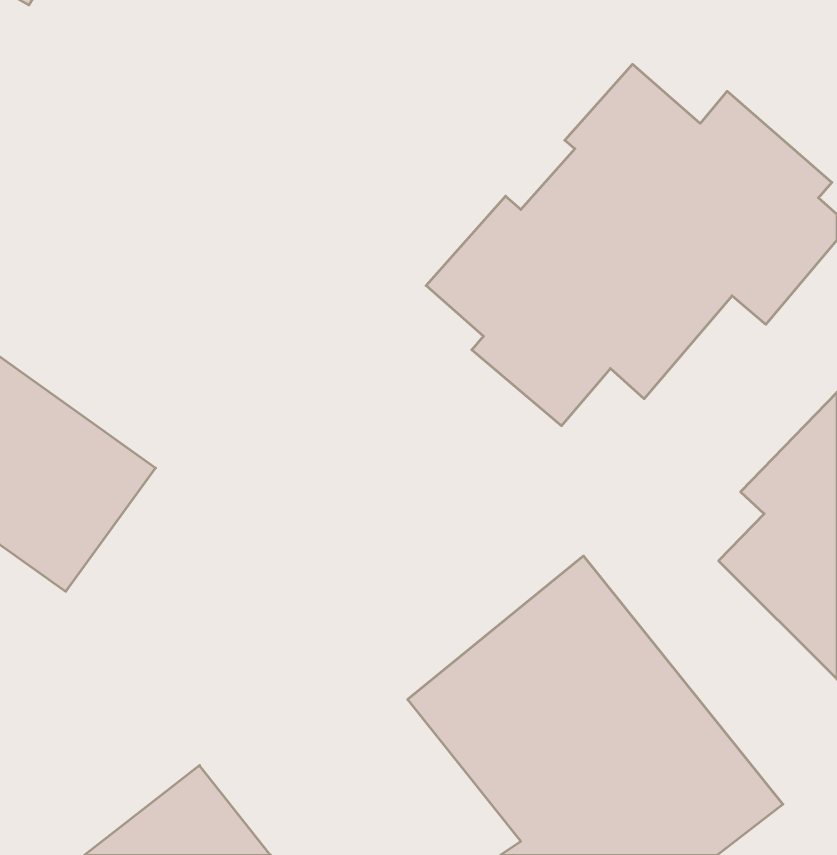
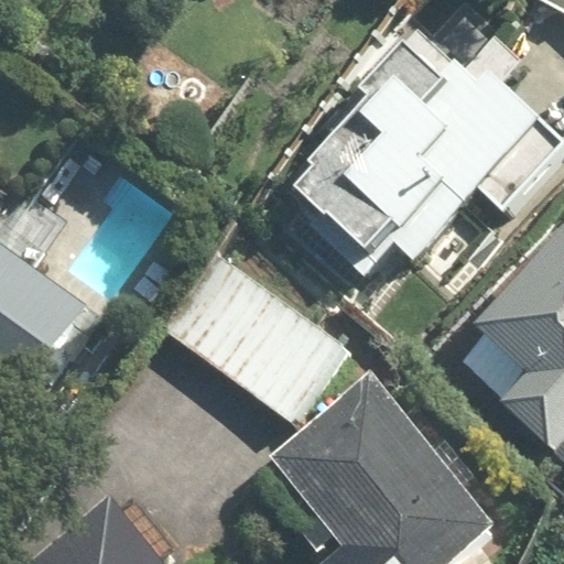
building: none -> [158,251,344,426]

